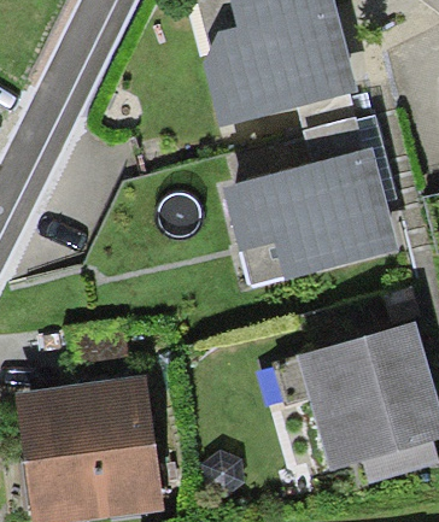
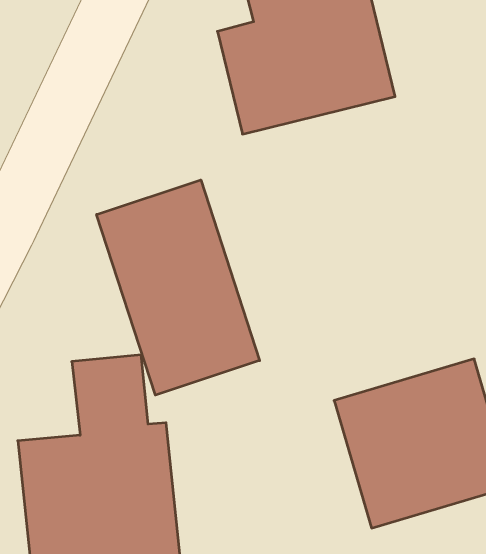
building: [217,153,392,285] -> none
building: none -> [97,180,260,395]

